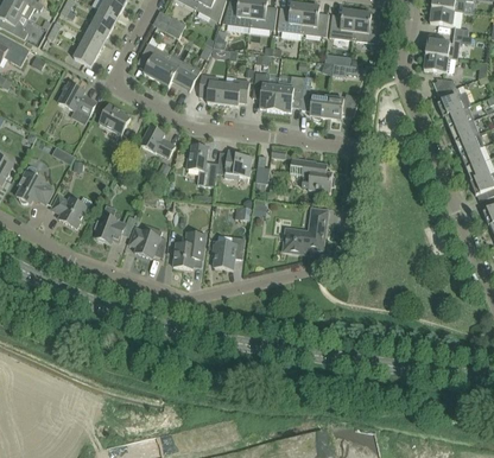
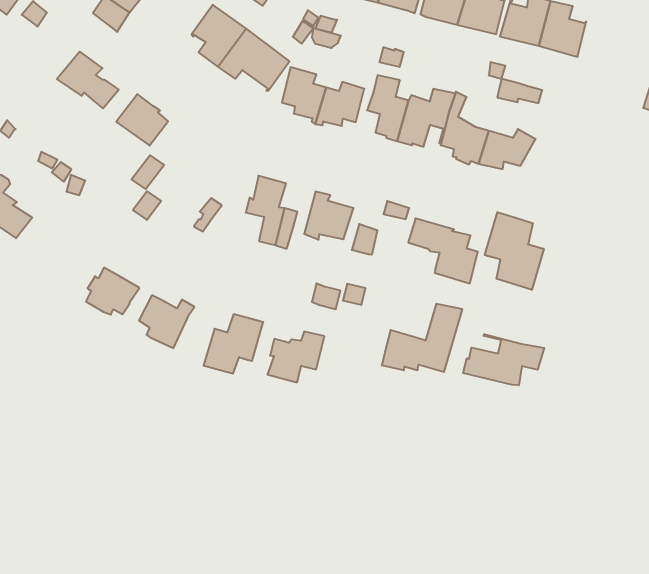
building: [139,126,175,157] -> none
building: none -> [485,212,544,290]
building: [50,195,87,228] -> none
building: none -> [463,334,544,385]

